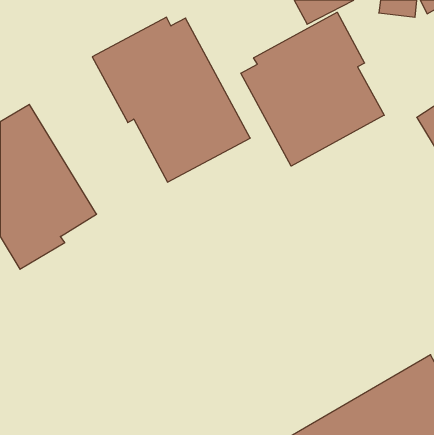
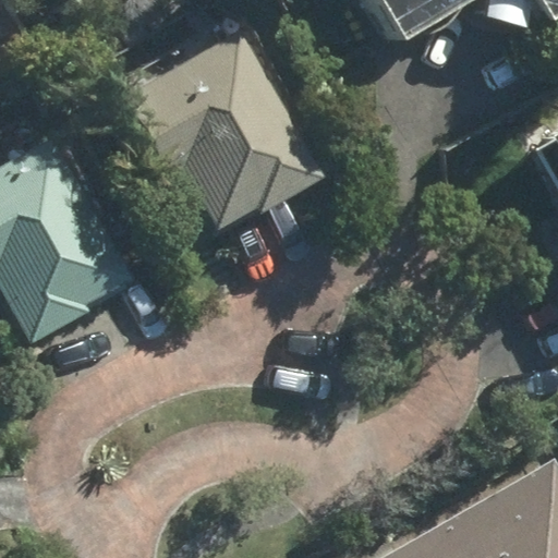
building: [241,12,384,166] -> none

